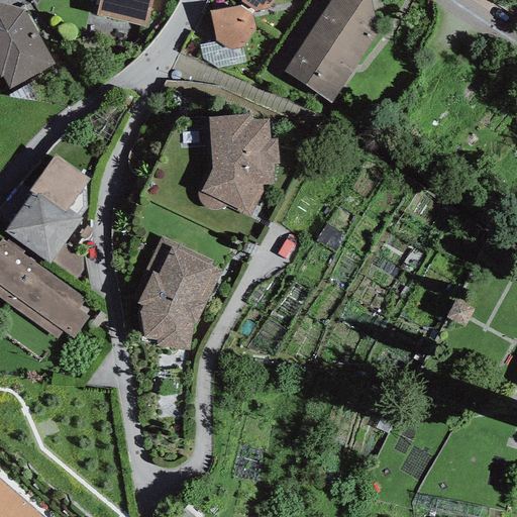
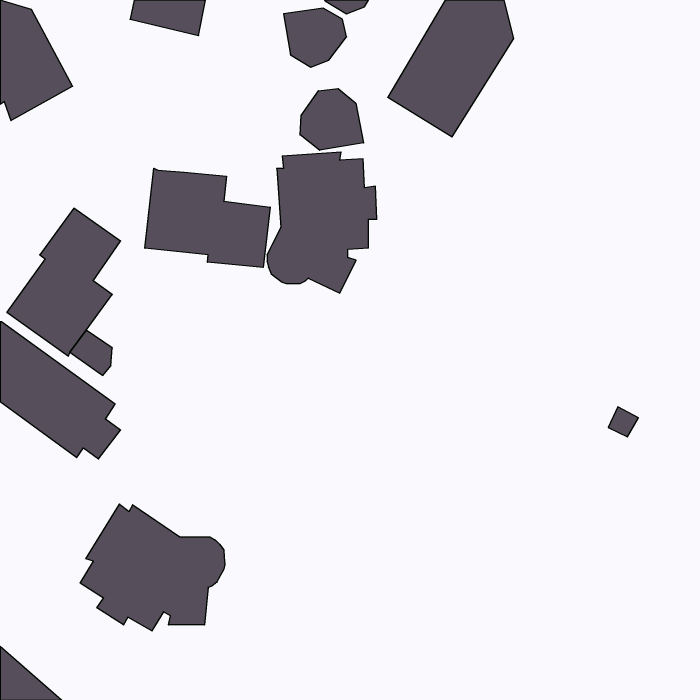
building: none -> [300,89,364,150]
building: none -> [145,168,270,267]
building: [130,235,221,349] -> none
building: none -> [80,504,225,631]

